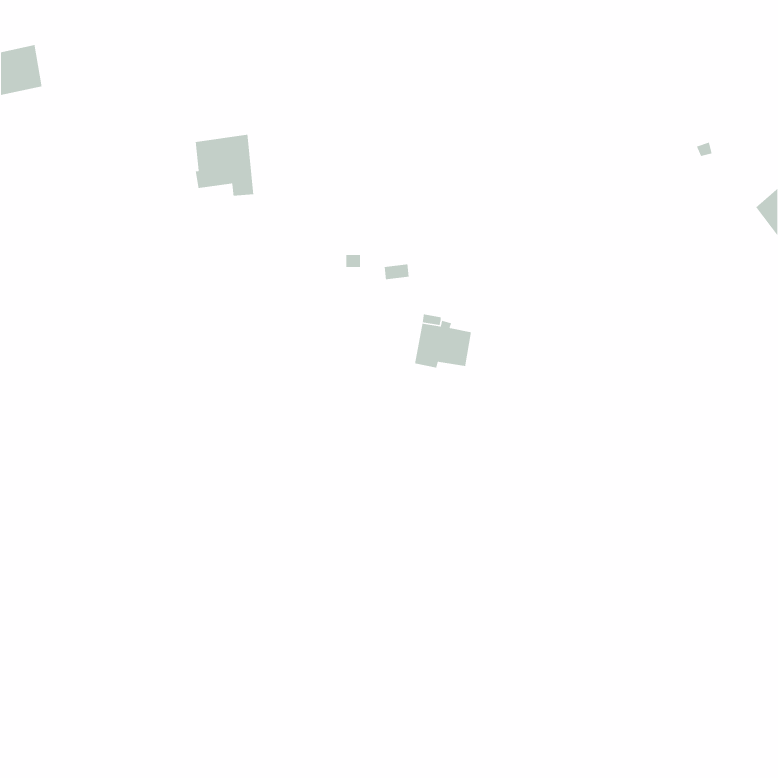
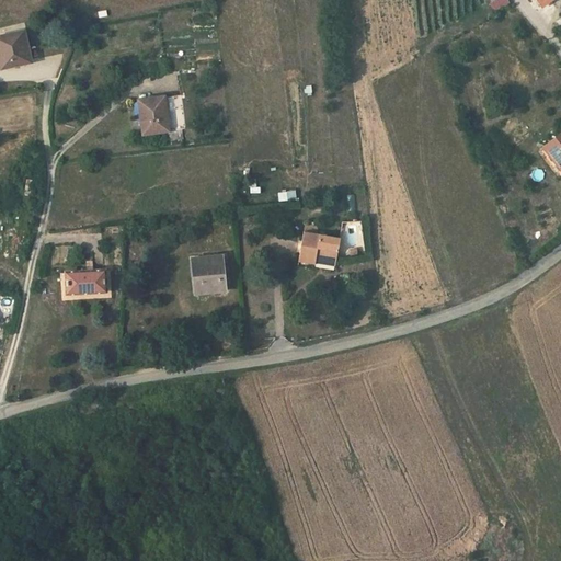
building: none -> [193,257,225,294]
building: none -> [66,271,105,294]

